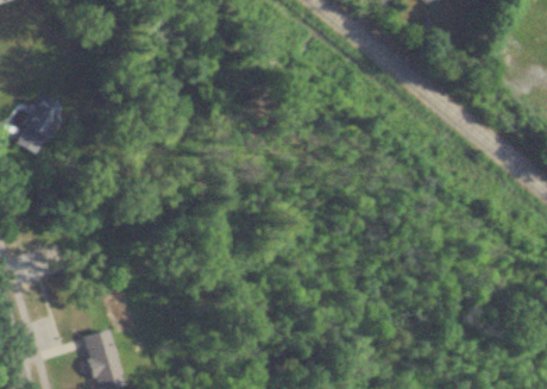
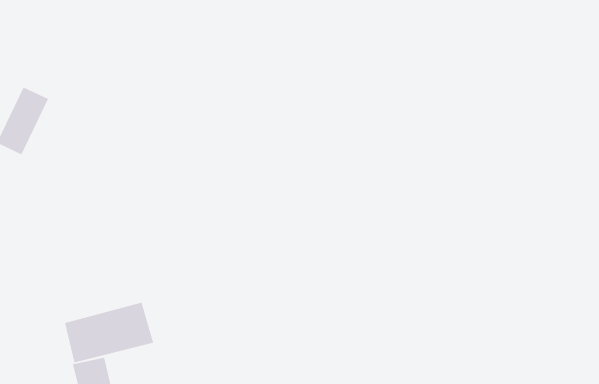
building: none -> [64,302,154,363]

